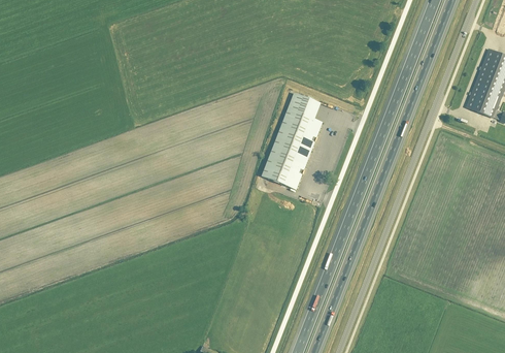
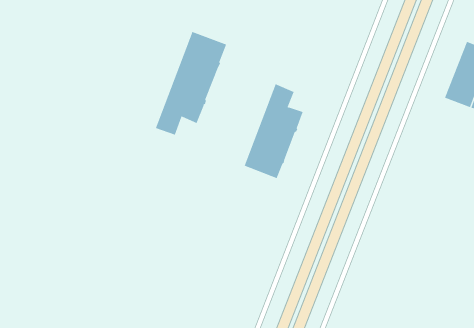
building: none -> [155,31,227,136]

